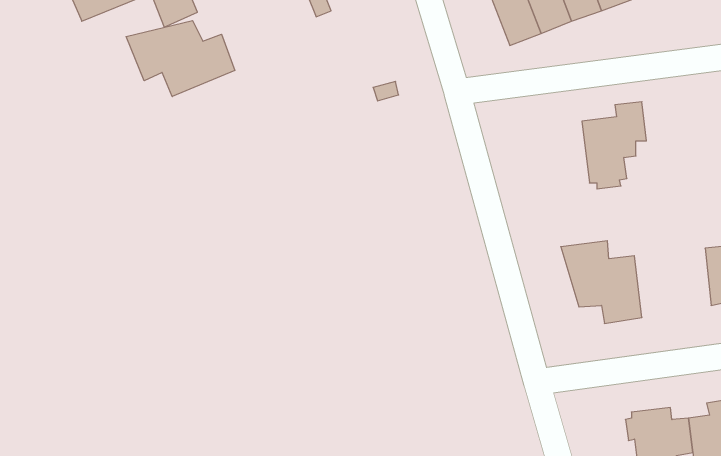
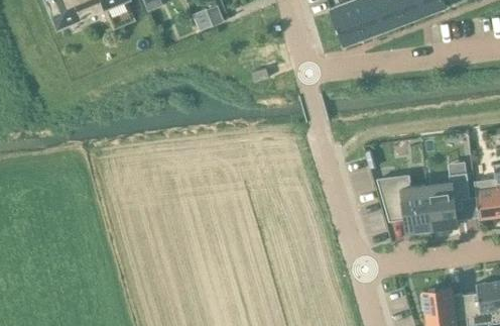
building: [126,21,235,97] -> none
building: [582,102,646,189] -> [427,173,471,231]

